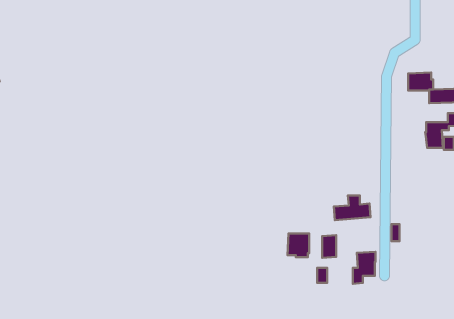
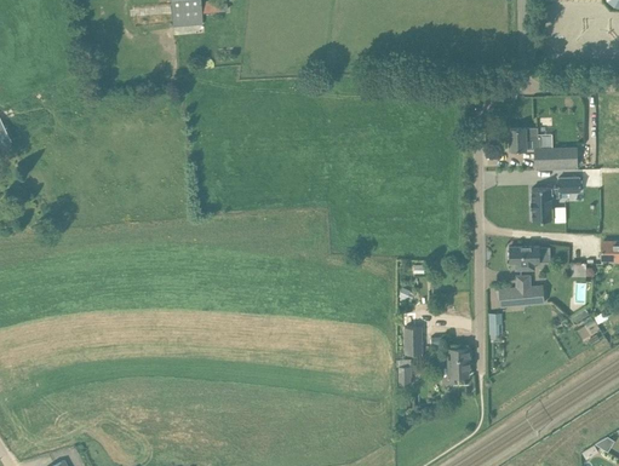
building: none -> [509,246,550,270]
building: [334,195,371,220] -> [499,276,544,306]
building: [287,233,309,257] -> none

